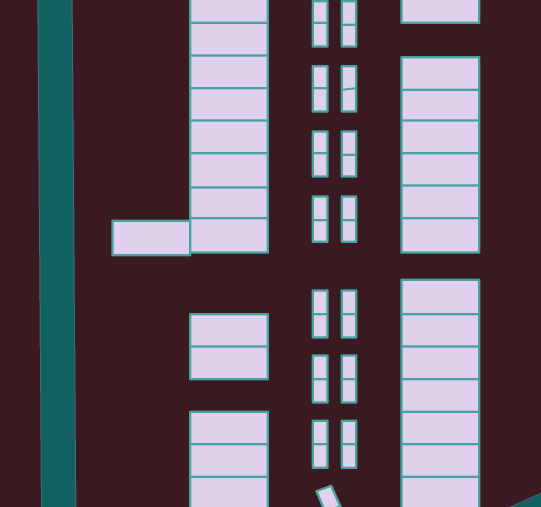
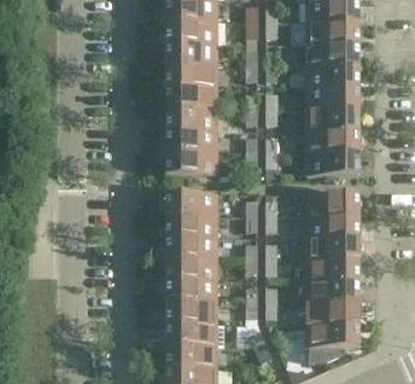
building: none -> [306,21,358,43]
building: [112,221,190,255] -> [165,192,217,215]
building: none -> [165,258,217,280]

